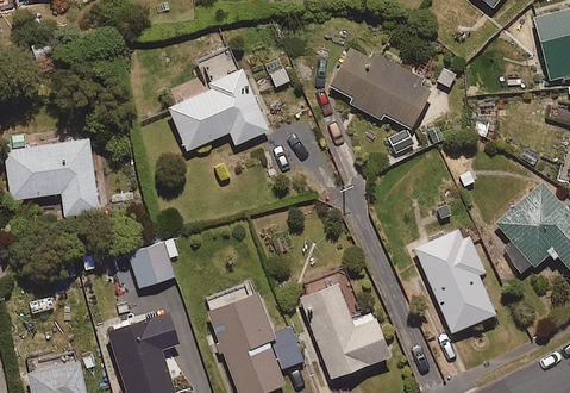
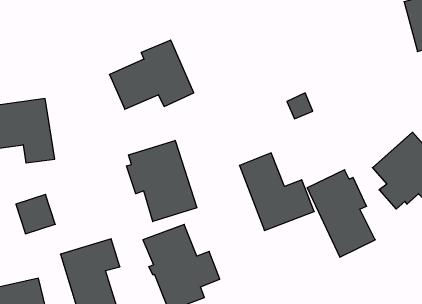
building: [328,46,432,127] -> none
building: none -> [127,140,197,222]
building: [126,241,175,289] -> [16,194,55,234]
building: [299,283,392,380] -> [239,153,314,231]

